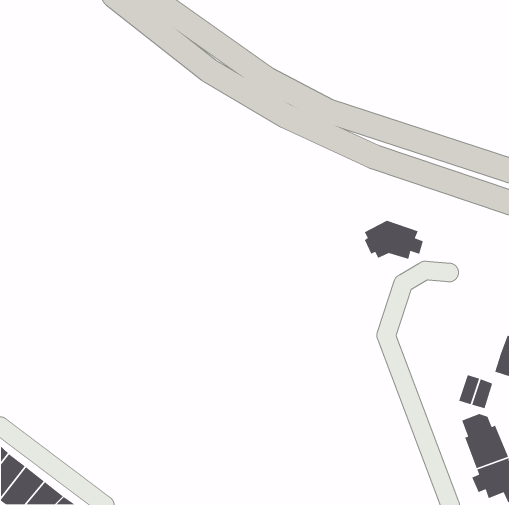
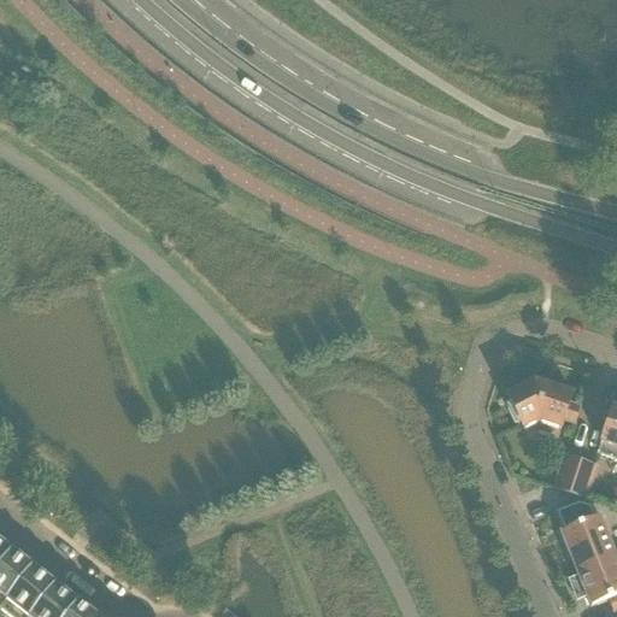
building: [364,220,424,260] -> [507,377,580,425]

